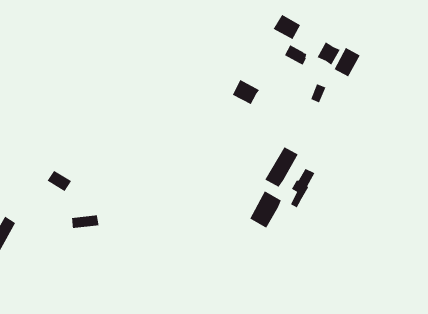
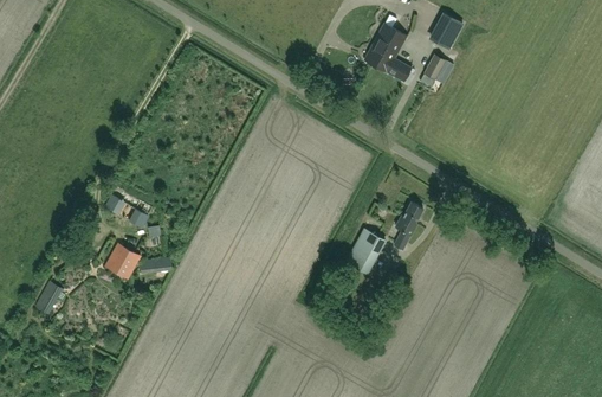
building: [333,47,361,78] -> [432,12,464,47]
building: [232,79,260,105] -> [364,40,397,71]
building: [264,146,299,188] -> none
building: none -> [105,243,141,277]

